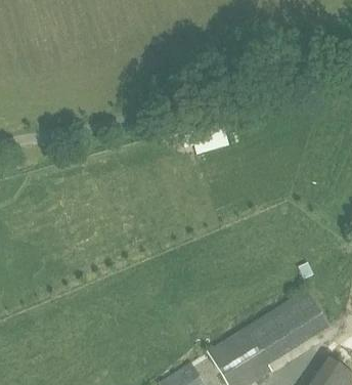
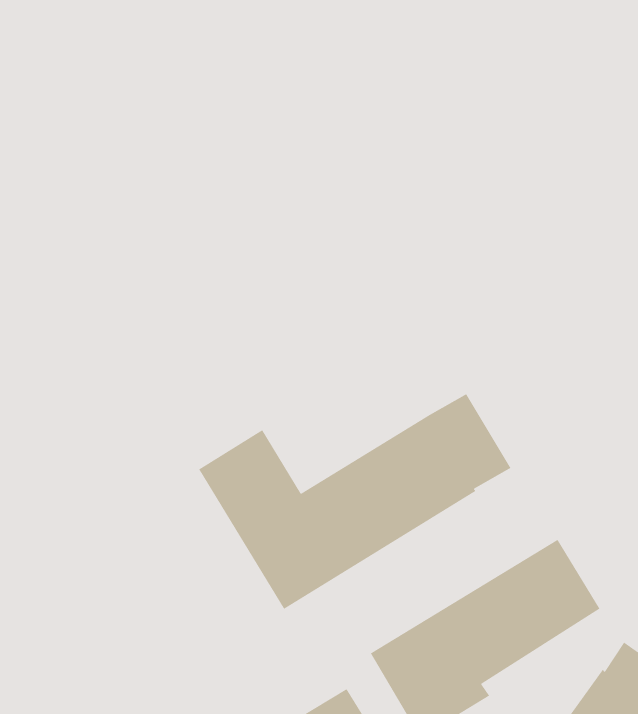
building: none -> [198,393,511,610]

